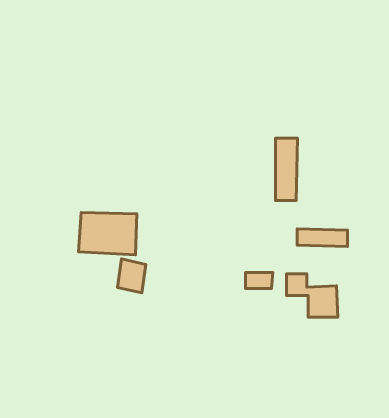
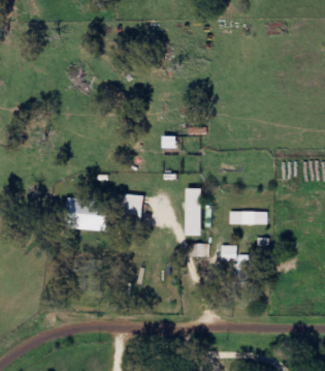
building: [276,138,297,201] -> [184,188,200,236]
building: [117,259,146,293] -> [121,192,142,218]

